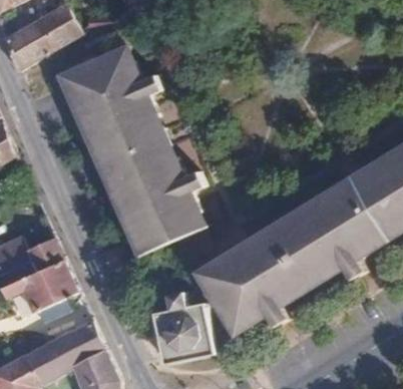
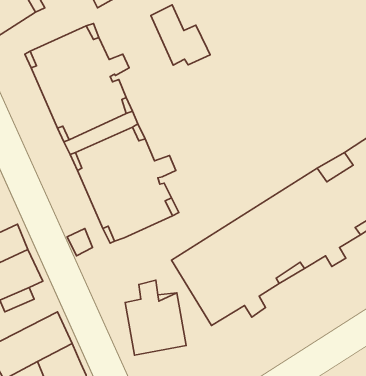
building: none -> [151,5,210,65]

